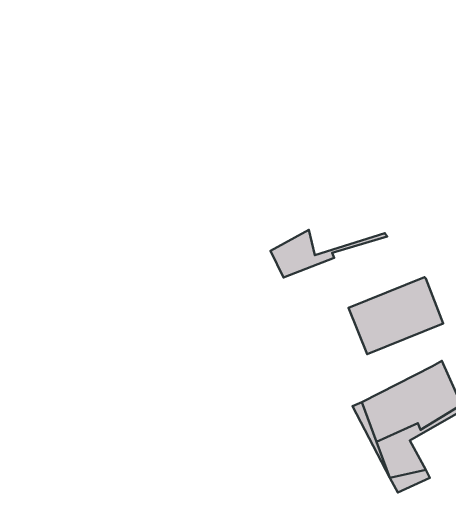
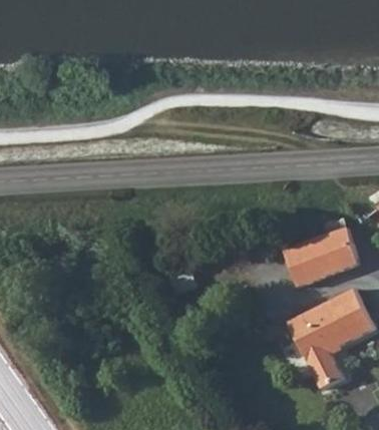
building: [271,230,387,278] -> none

